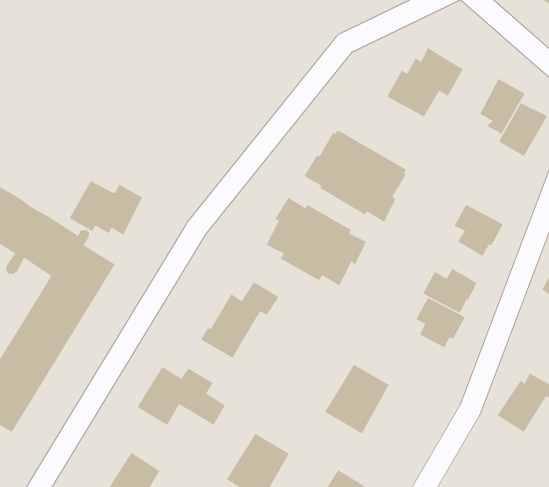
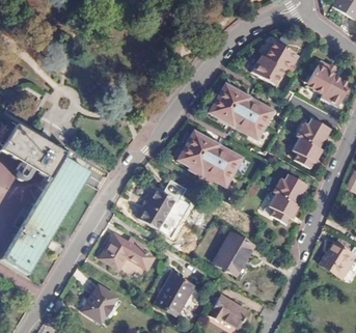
building: none -> [297,119,331,146]
building: [68,180,143,236] -> none

